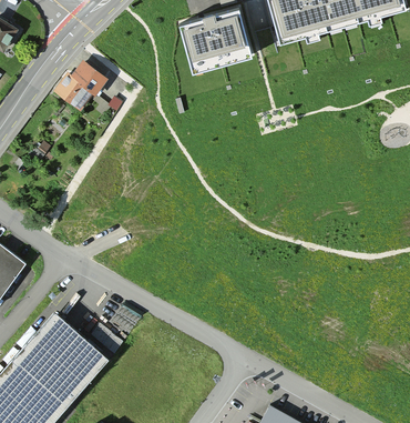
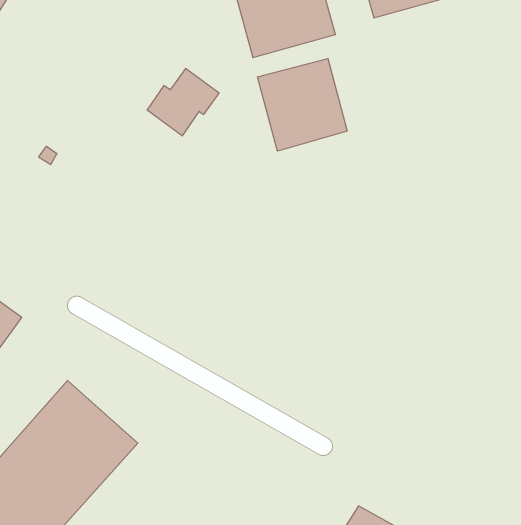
building: [58,58,110,107] -> [147,69,219,136]
building: none -> [257,58,347,151]

